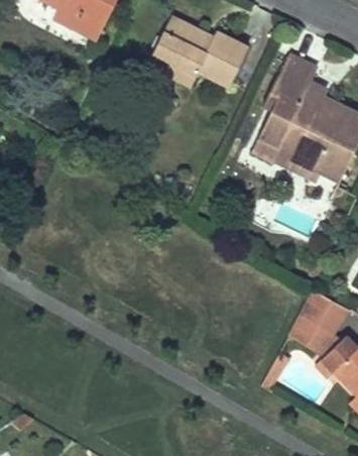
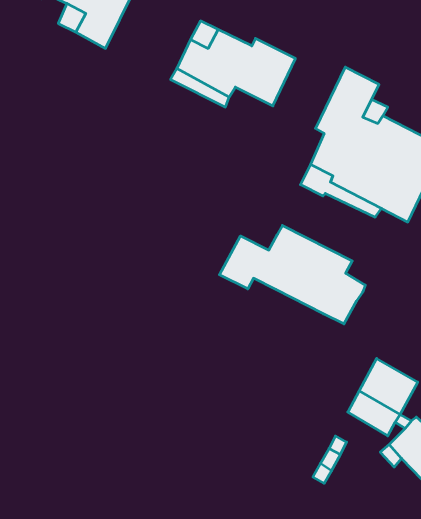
building: none -> [219,225,365,324]

